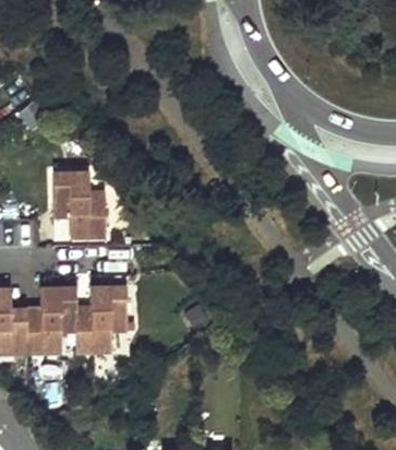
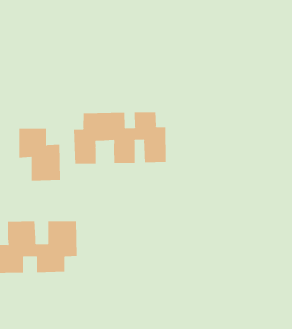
building: none -> [74,111,166,164]

